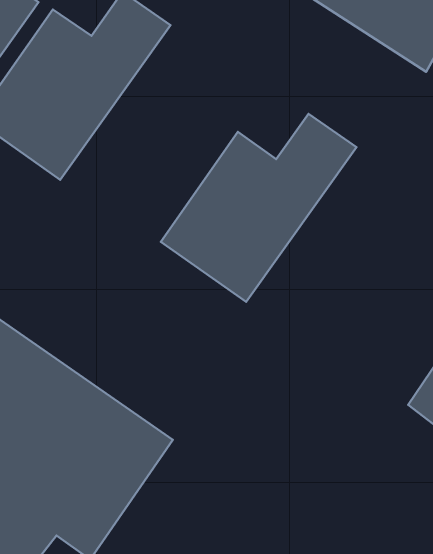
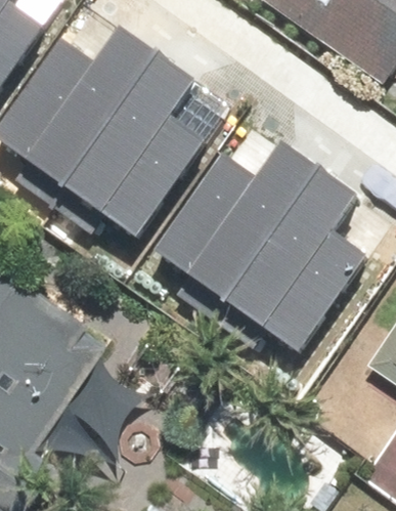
building: none -> [67,50,206,235]
building: none -> [225,155,363,340]

